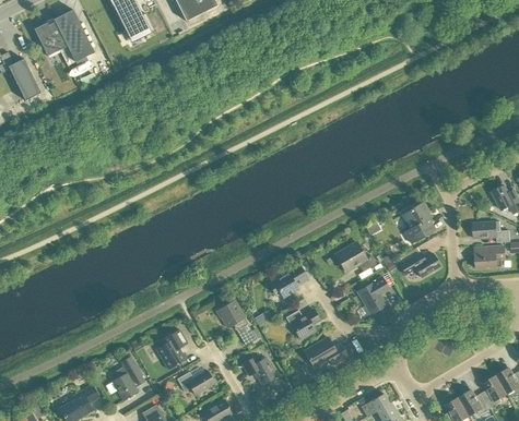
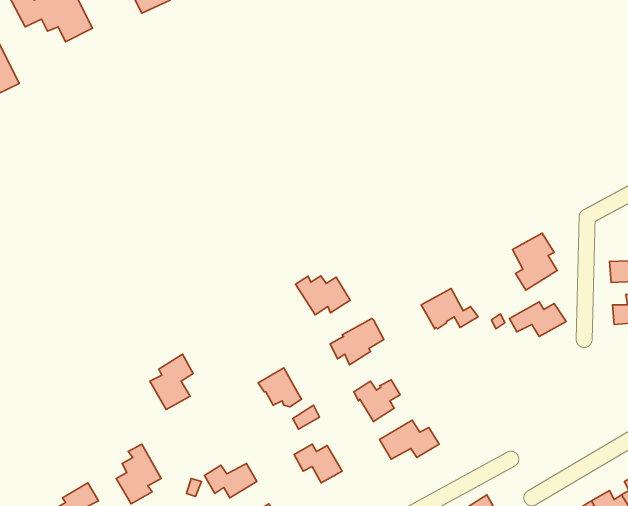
building: none -> [296,276,350,315]
building: [356,275,389,313] -> none
building: [155,328,187,369] -> [150,354,193,409]

